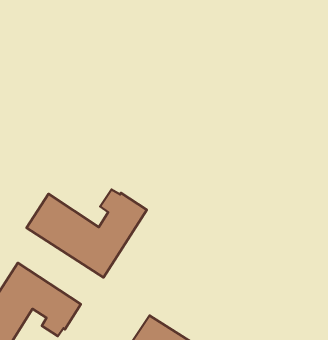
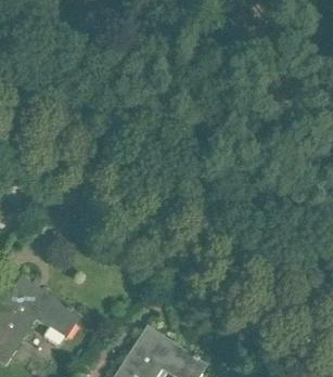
building: [26,189,147,278] -> none

